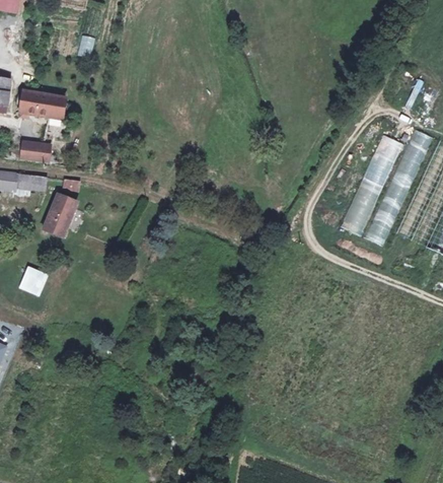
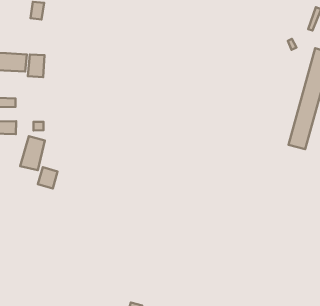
building: none -> [28,54,44,77]
building: [342,134,399,235] -> none
building: [22,266,48,292] -> [38,167,58,188]

